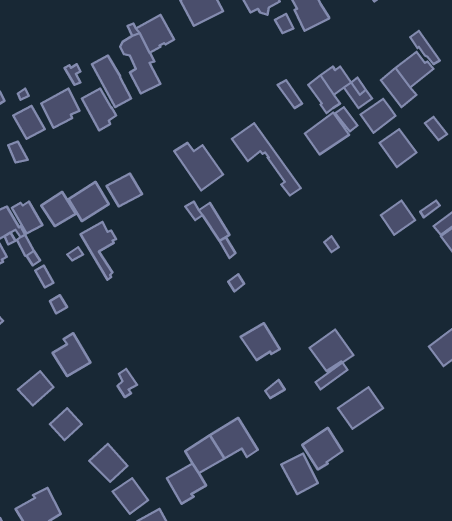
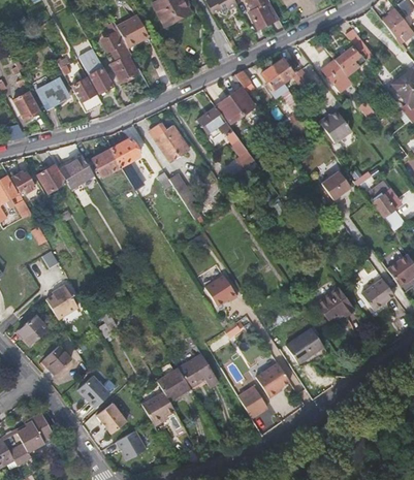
building: [360,99,396,133] -> none
building: [305,113,349,154] -> [217,88,254,123]
building: [80,222,116,280] -> [110,138,140,187]
building: [309,329,354,371] -> [316,288,353,323]

